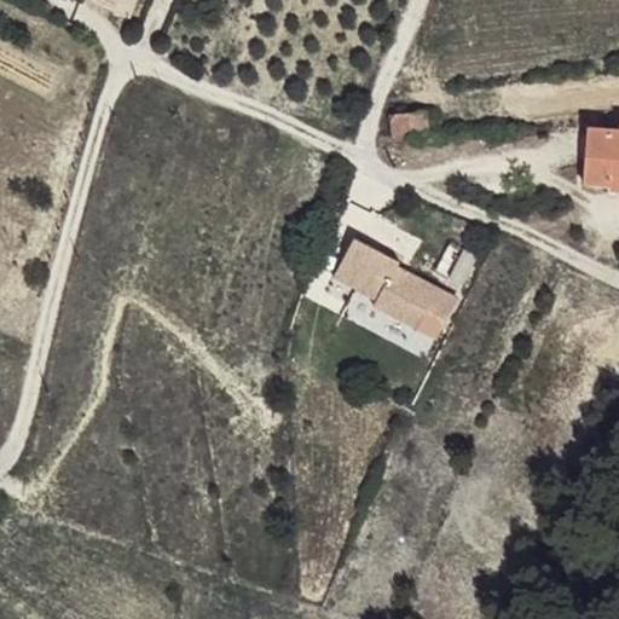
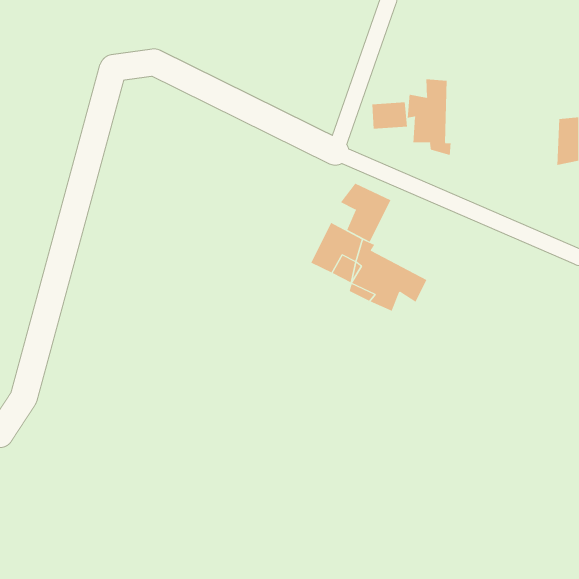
building: none -> [407,78,451,156]
building: none -> [340,183,391,242]

